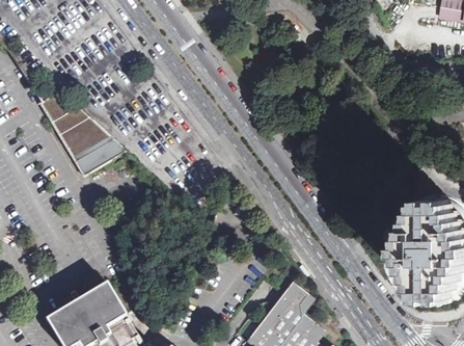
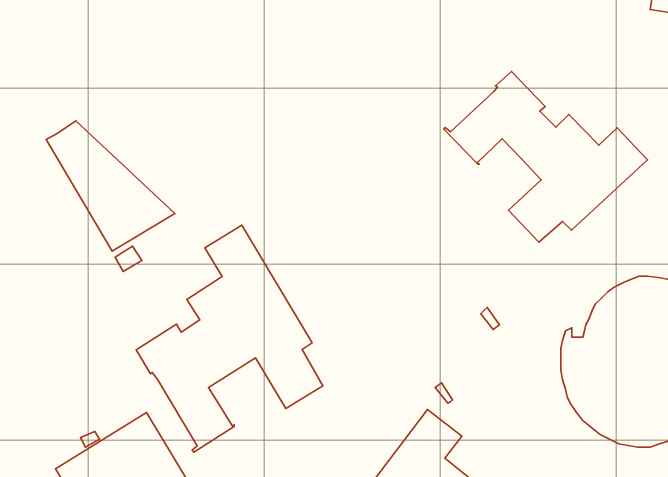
building: none -> [444,71,647,242]
building: none -> [136,225,323,452]

